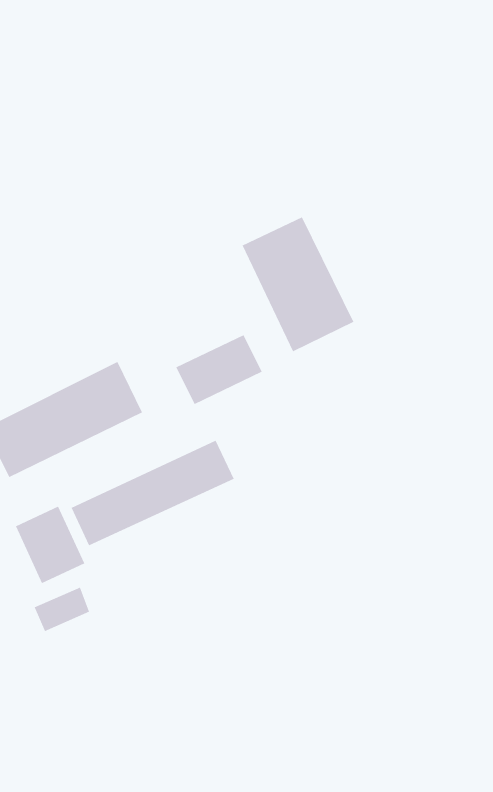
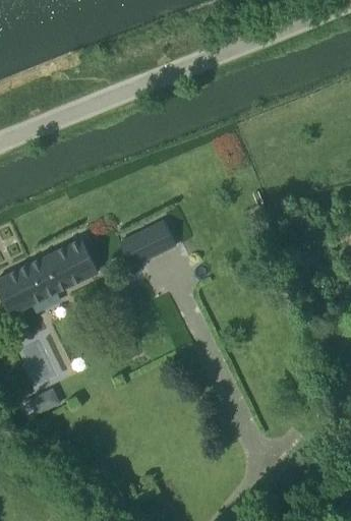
building: [242,217,354,352] -> none
building: [71,440,235,546] -> none

